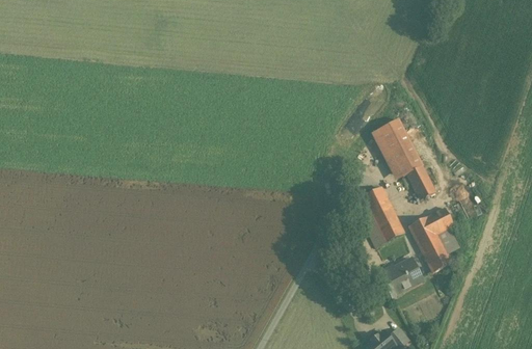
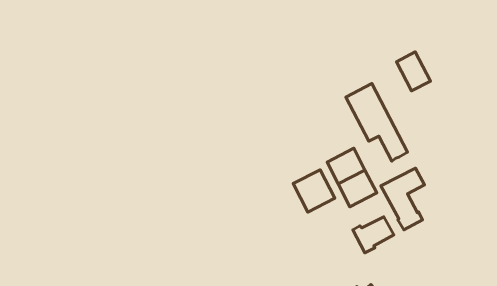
building: none -> [396,52,431,91]
building: none -> [293,170,335,212]

